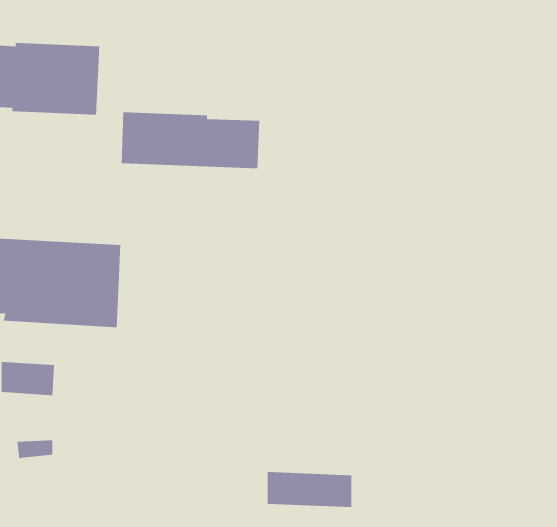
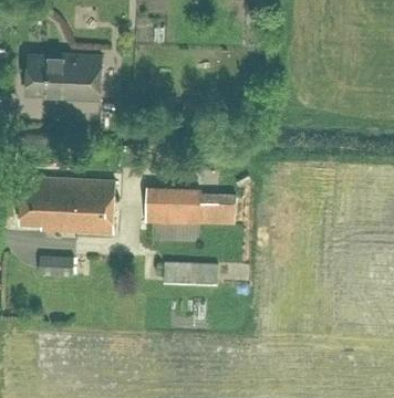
building: [121,112,260,169] -> [146,188,235,224]
building: [267,471,352,508] -> [164,261,218,284]

